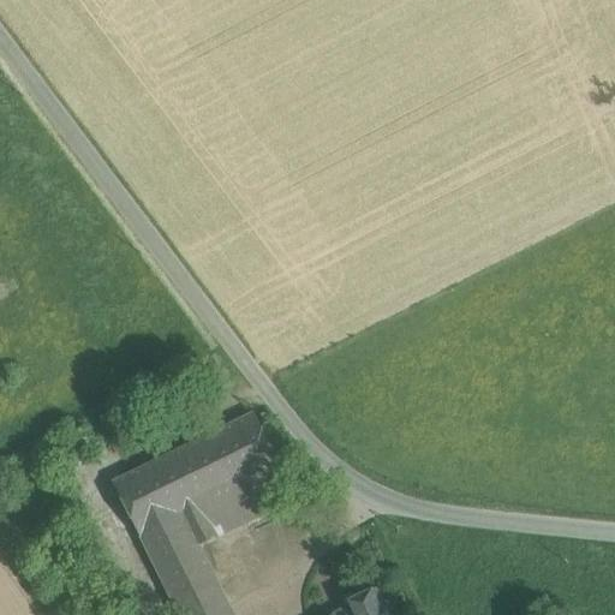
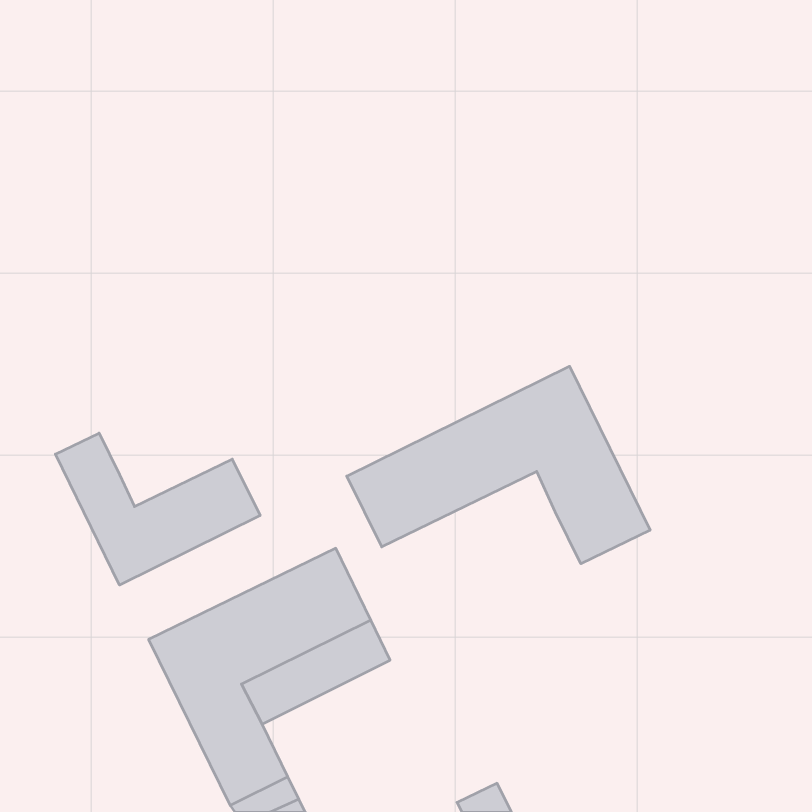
building: none -> [347,366,650,564]
building: none -> [55,433,260,585]

